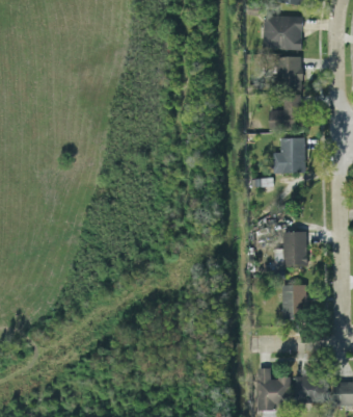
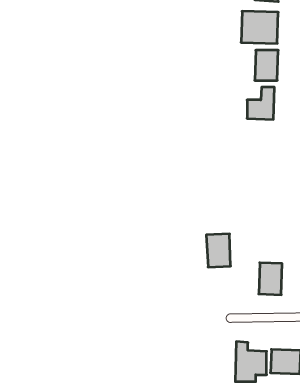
building: [272,137,305,174] -> none
building: [281,232,307,267] -> [206,234,231,267]

